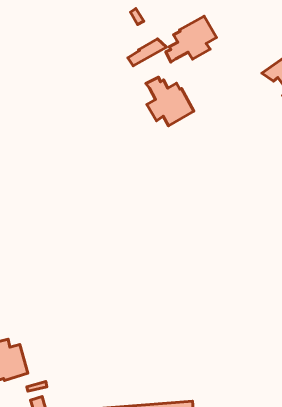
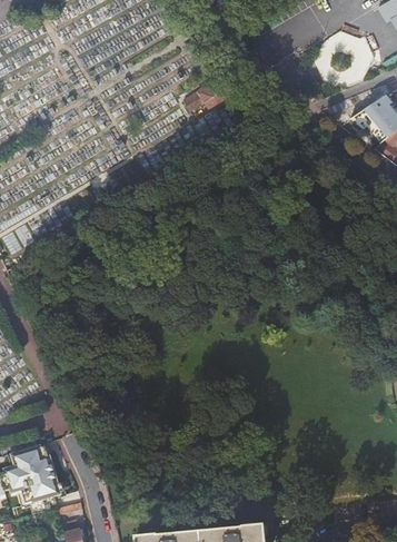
building: [166,16,216,62] -> none
building: [146,77,194,126] -> none

